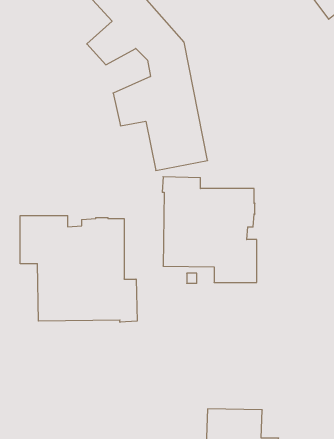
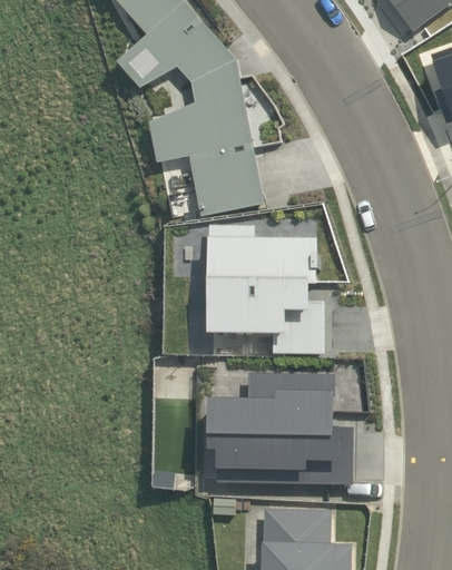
building: [20,216,137,322] -> none
building: none -> [209,372,352,483]

